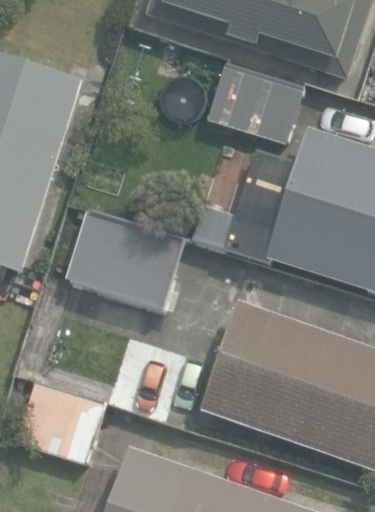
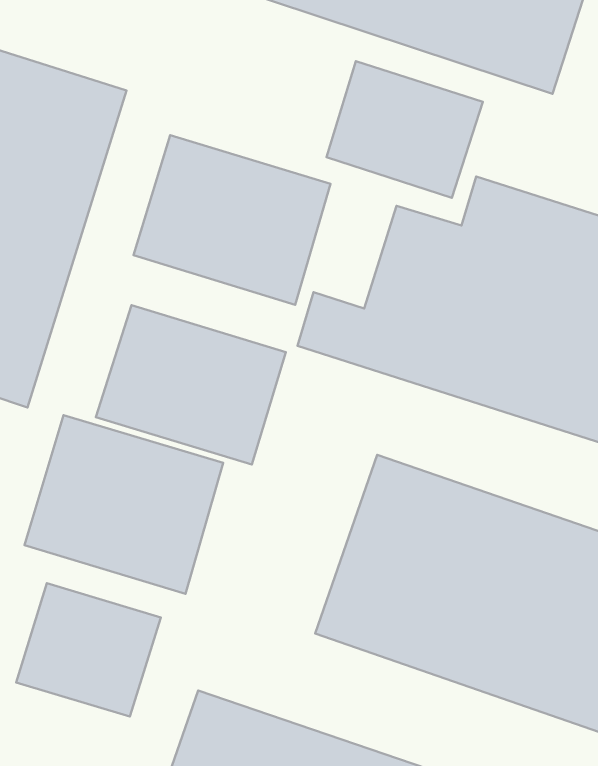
building: none -> [134,135,330,305]
building: none -> [24,415,223,594]

